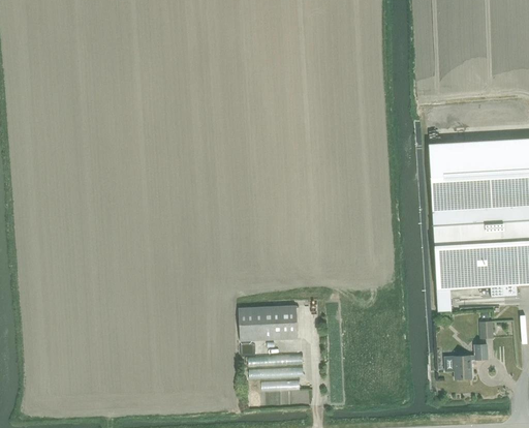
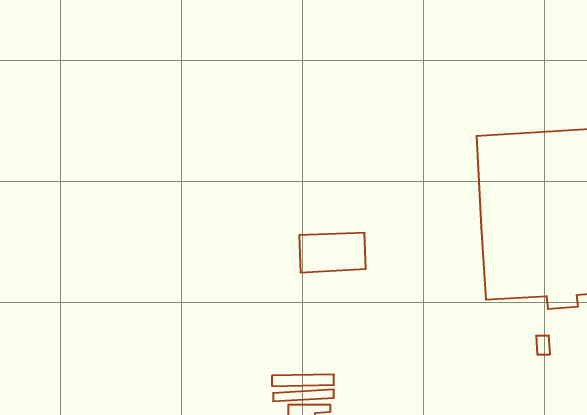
building: [240,305,299,340] -> [299,233,366,272]
building: [455,343,489,378] -> none

